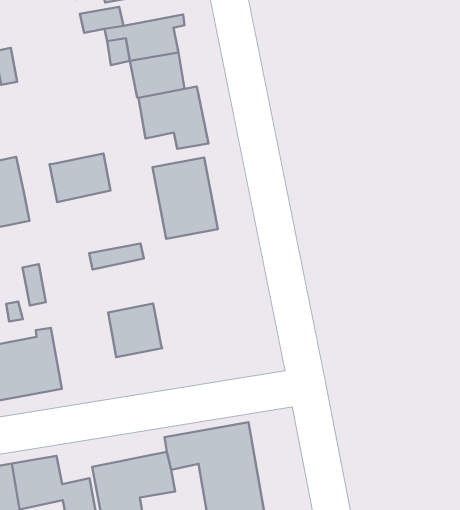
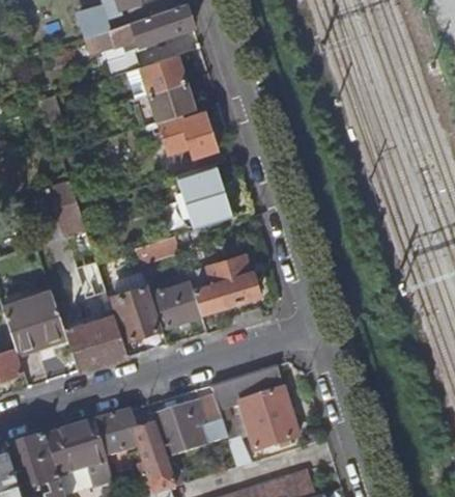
building: [50,154,111,202] -> none
building: none -> [187,256,256,313]
building: none -> [111,285,162,340]

